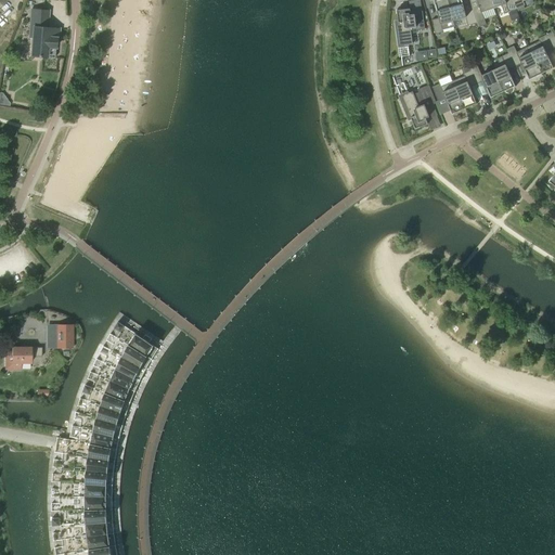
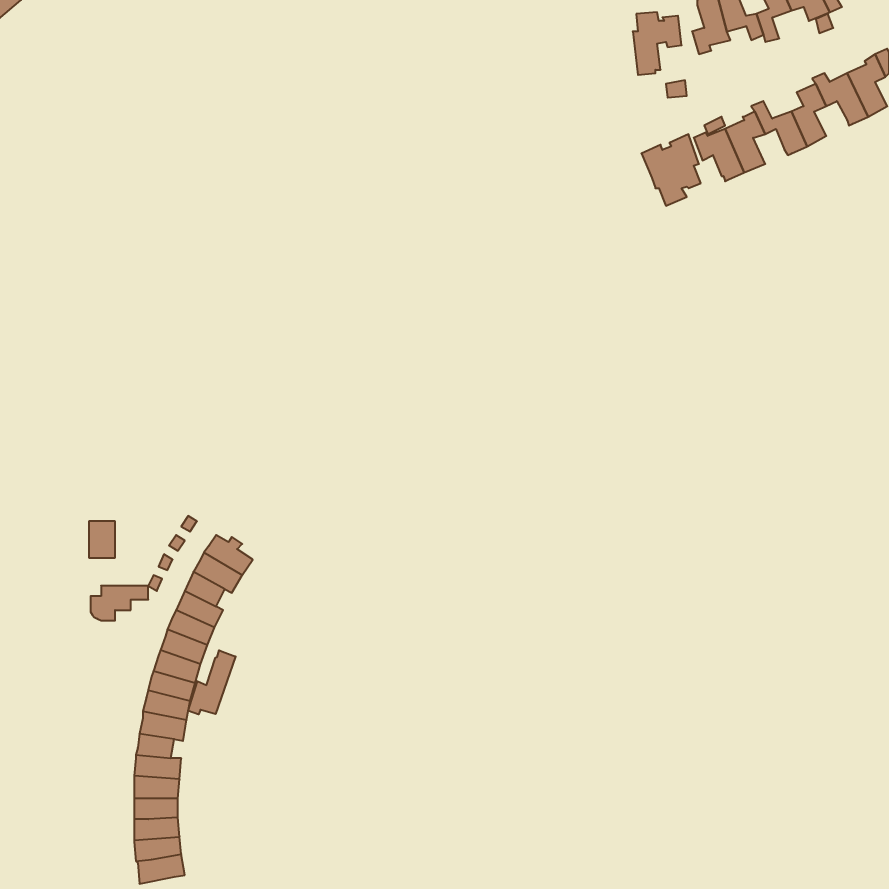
building: [29,9,59,57] -> none
building: [4,347,40,369] -> [91,586,148,621]
building: none -> [188,650,236,714]

